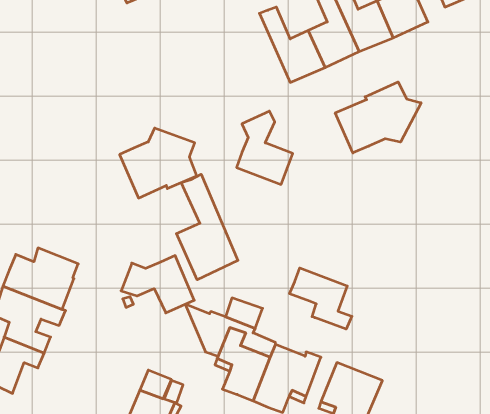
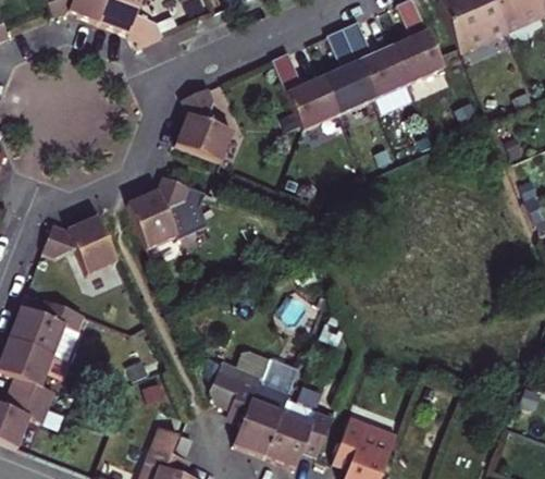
building: [335,82,421,153] -> none
building: [237,111,293,184] -> [175,87,233,162]
building: [176,174,238,280] -> none
building: [121,256,194,313] -> [41,217,116,275]
building: [290,268,352,329] -> none

